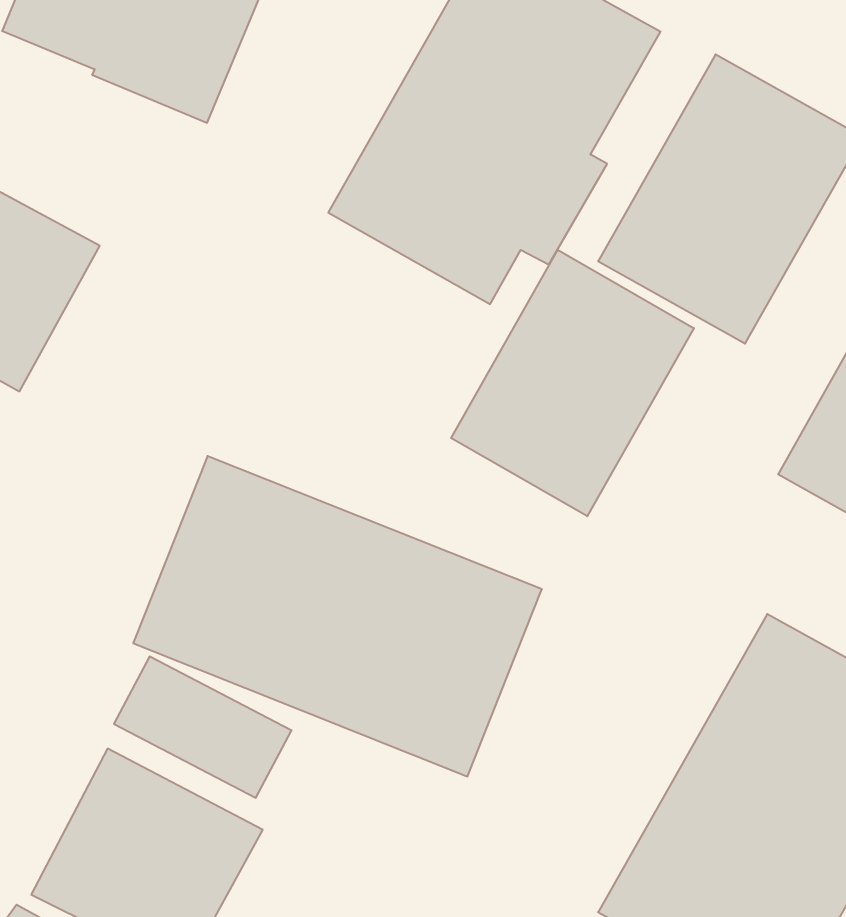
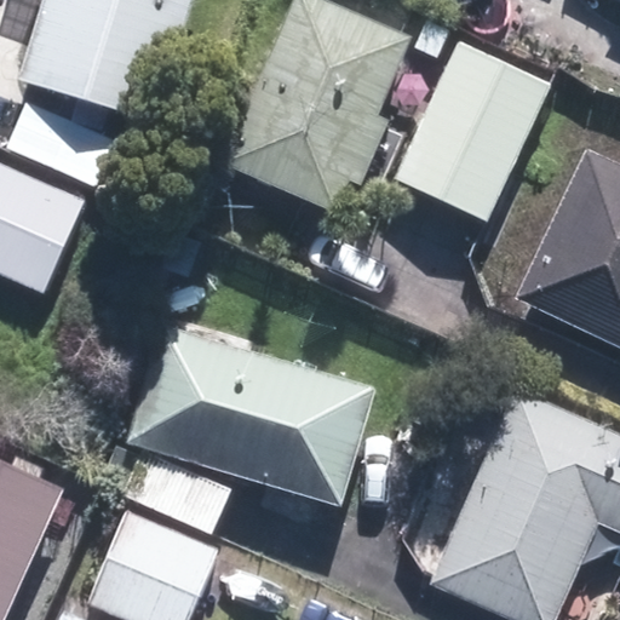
building: [451,250,694,516] -> none

